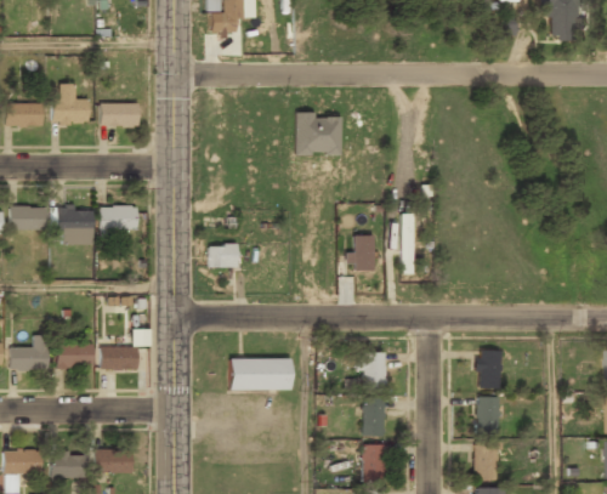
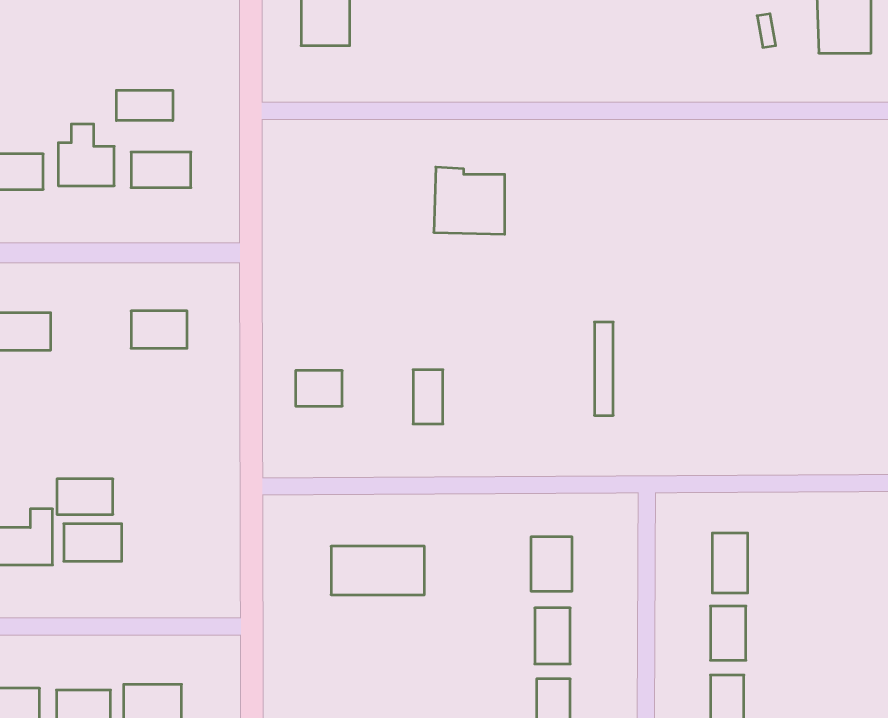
building: none -> [116,90,173,121]
building: [58,208,93,245] -> none
building: [354,235,374,271] -> [413,370,443,424]
building: [101,346,137,369] -> [57,479,113,514]

